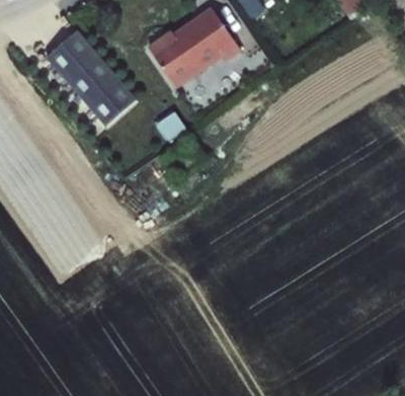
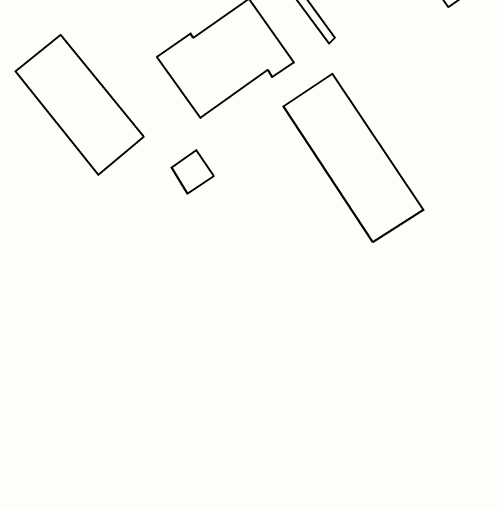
building: none -> [283,74,424,242]

